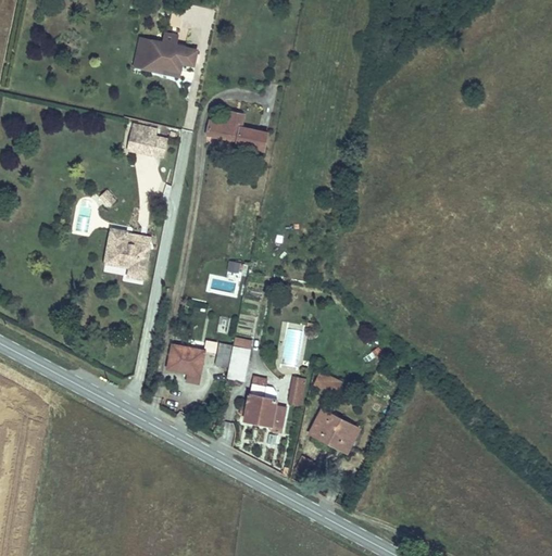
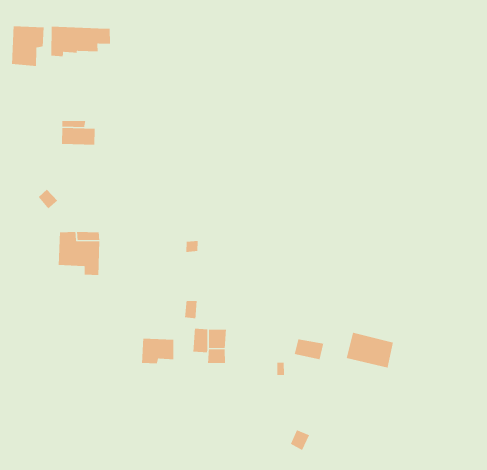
building: none -> [11,26,44,67]
building: [211,110,268,148] -> none
building: [248,379,278,426] -> none
building: [314,415,362,455] -> [346,332,394,369]

